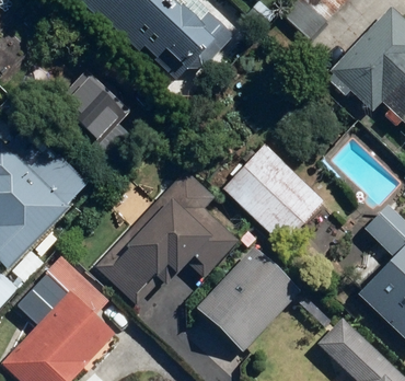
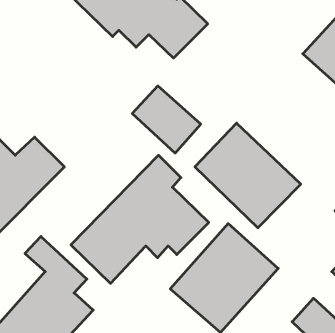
building: [59,70,129,139] -> [132,86,201,153]

